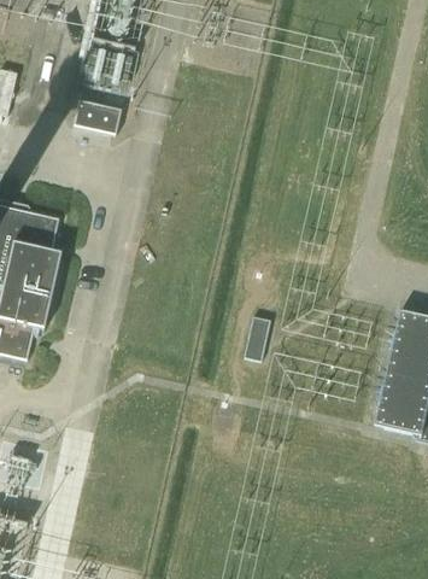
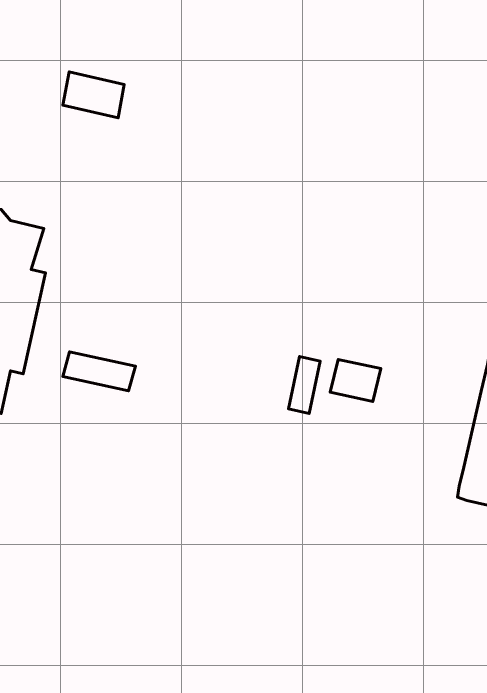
building: none -> [63,352,136,391]
building: none -> [330,359,381,401]

